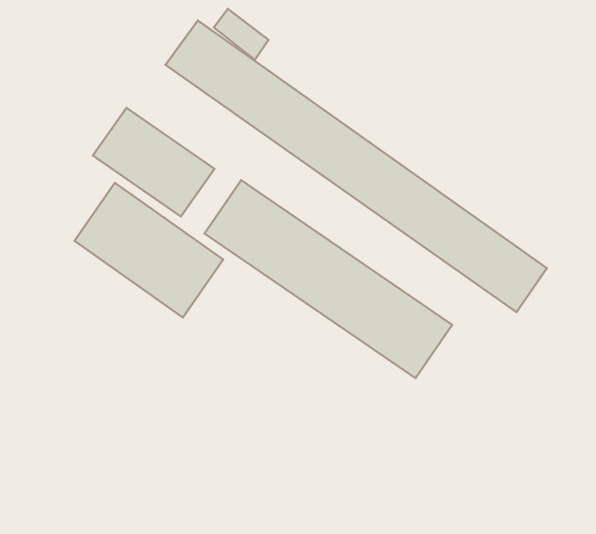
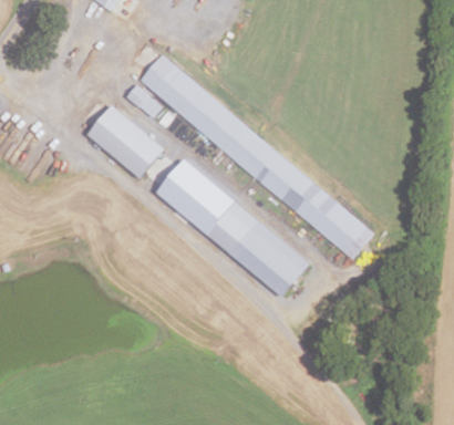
building: [214,9,268,60] -> [127,84,162,118]
building: [74,183,223,317] -> none

